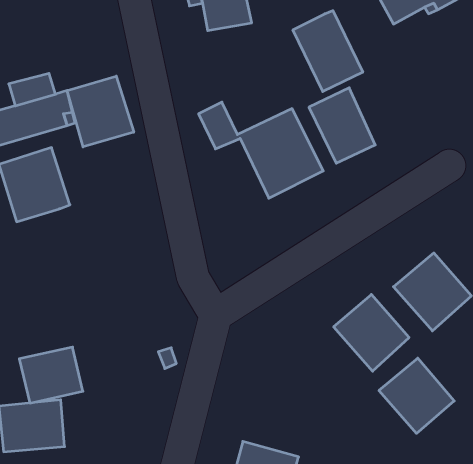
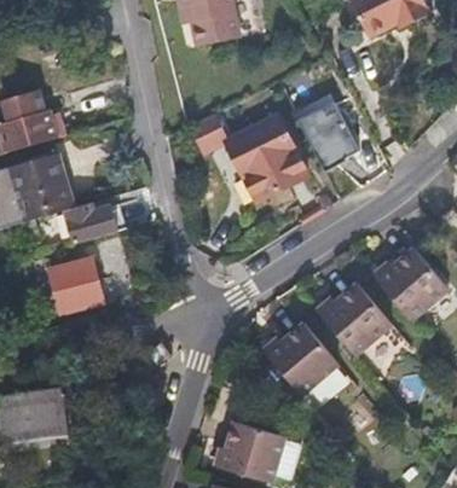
building: [293,11,363,92] -> none
building: [67,76,134,147] -> none
building: none -> [60,201,115,244]
building: [19,347,83,403] -> [44,256,103,308]
building: [379,358,454,433] -> [265,327,335,397]

